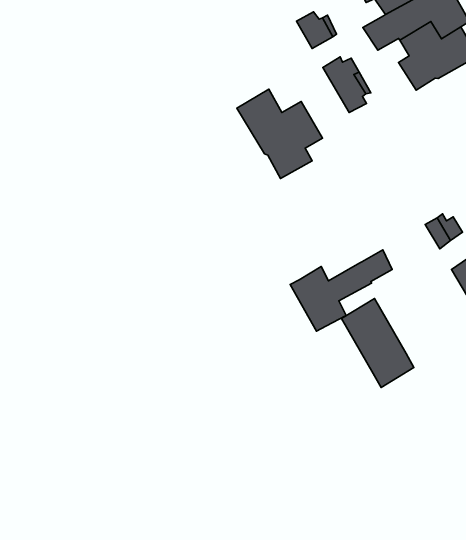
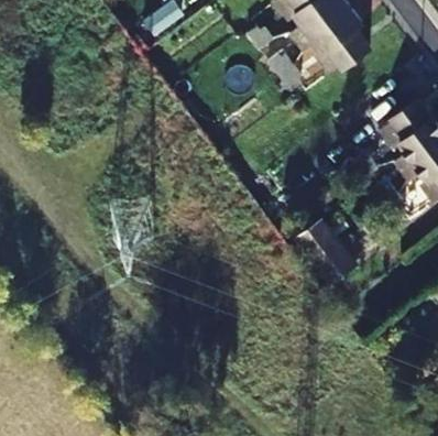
building: [237,89,323,178] -> none
building: [290,250,392,331] -> none

